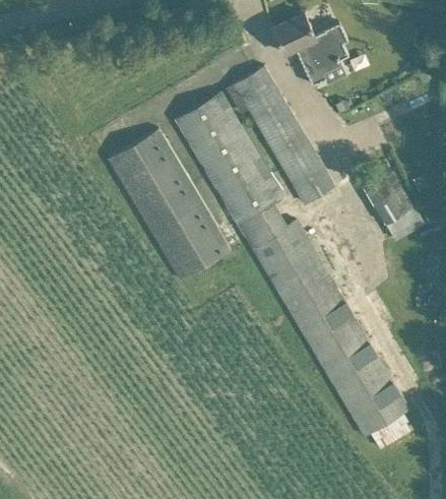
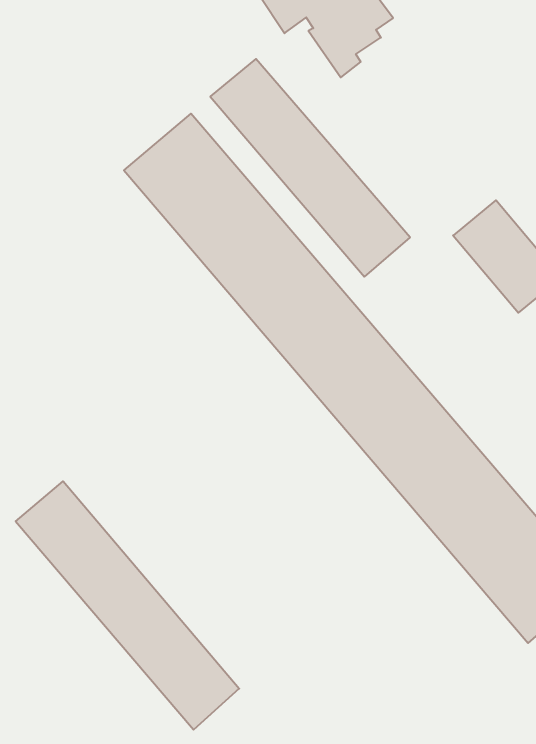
building: [109,130,230,280] -> none
building: none -> [16,481,239,730]

